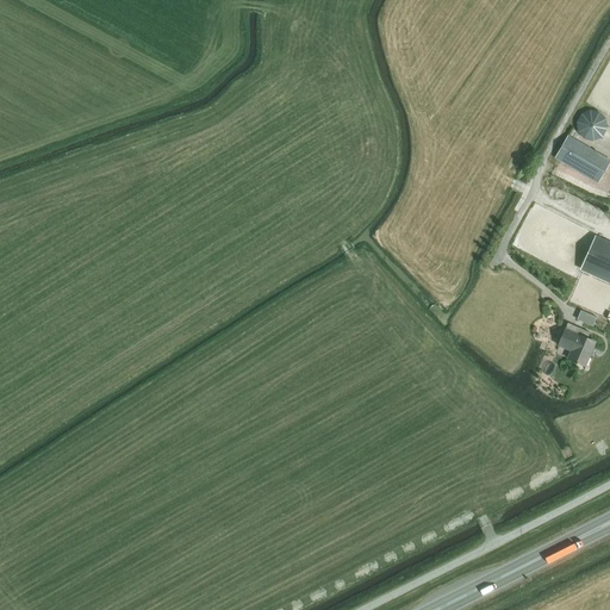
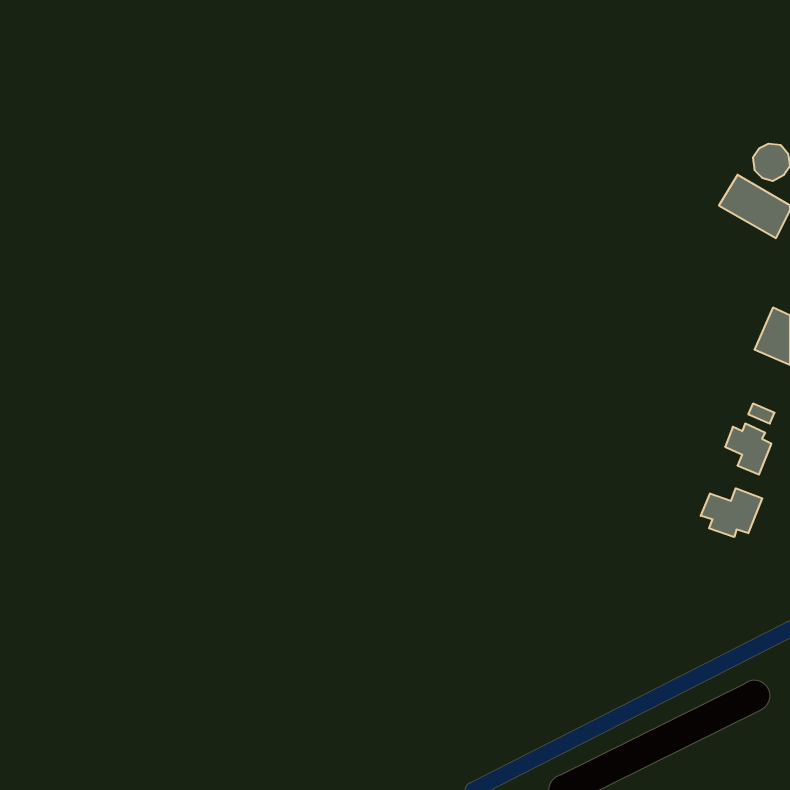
building: none -> [701,488,762,537]

